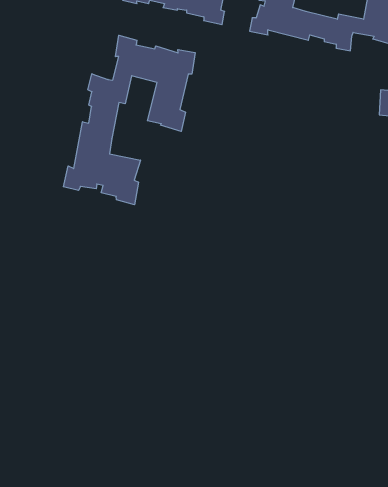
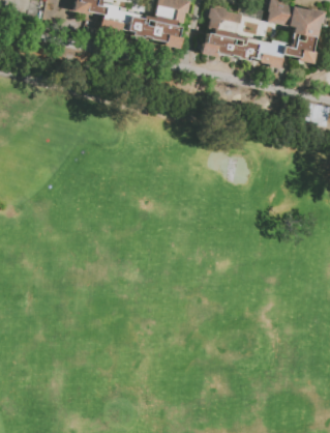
building: [63,35,195,205] -> none

